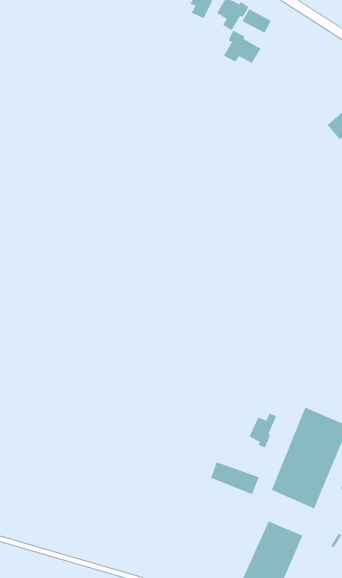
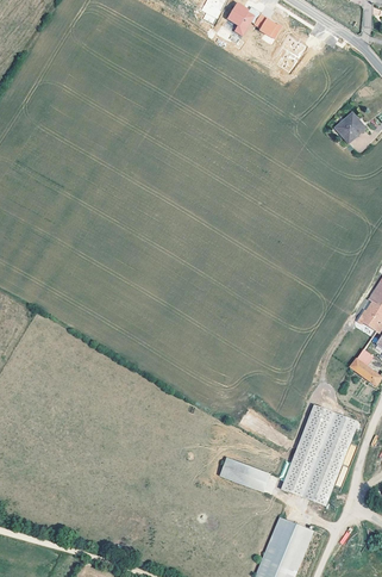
building: [223,30,261,64] -> none
building: [249,412,277,448] -> none

